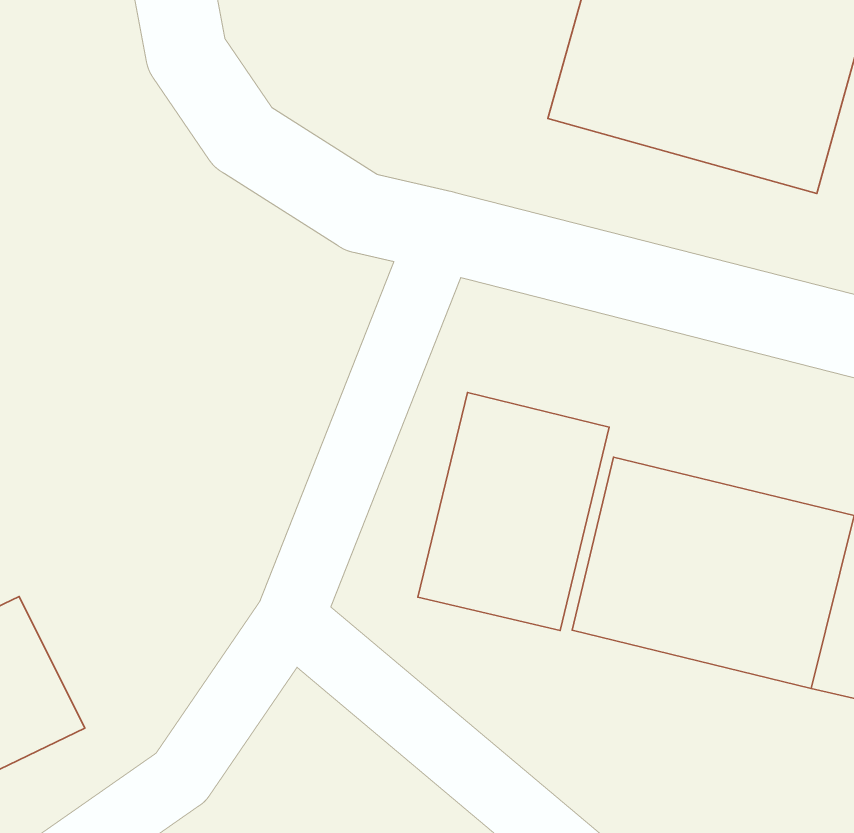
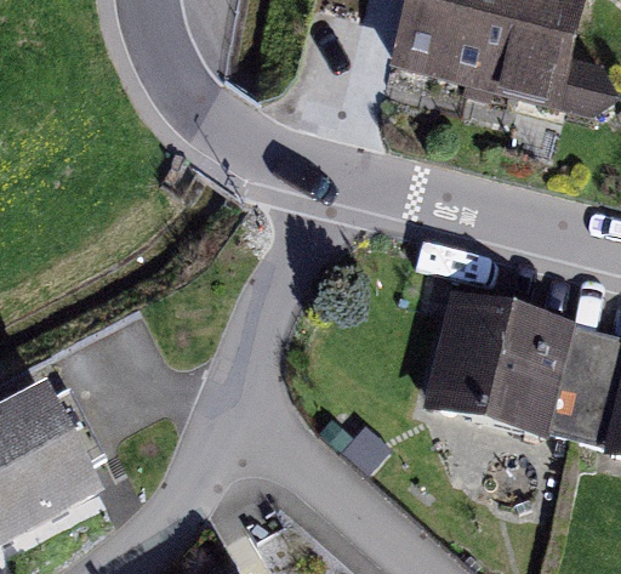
building: [418,392,609,631] -> none

